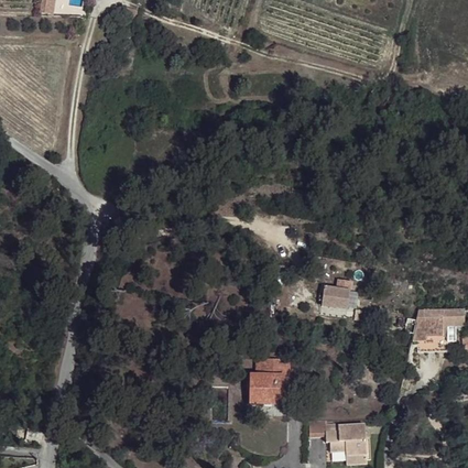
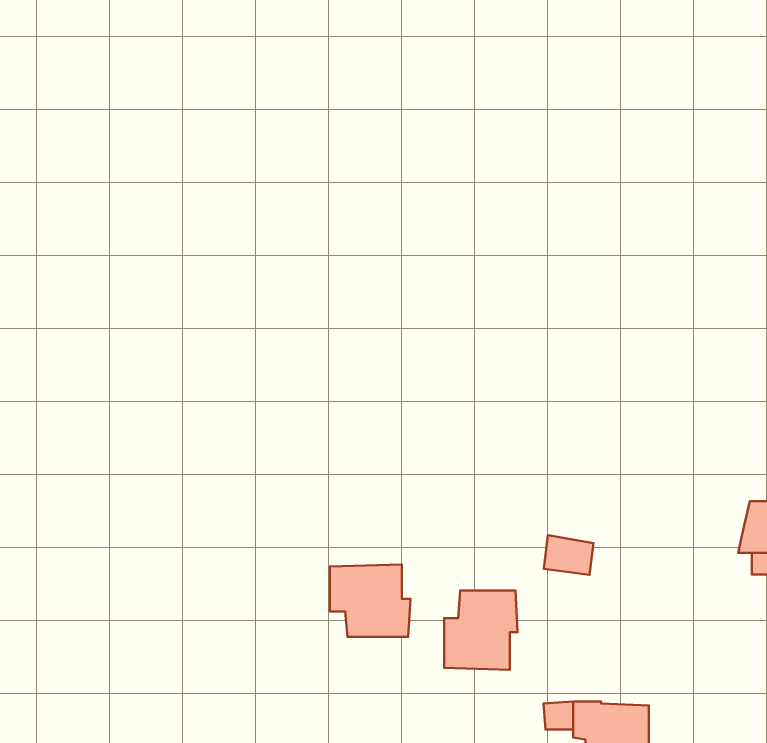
building: [324,286,351,308] -> [544,535,593,575]
building: none -> [330,565,410,637]

